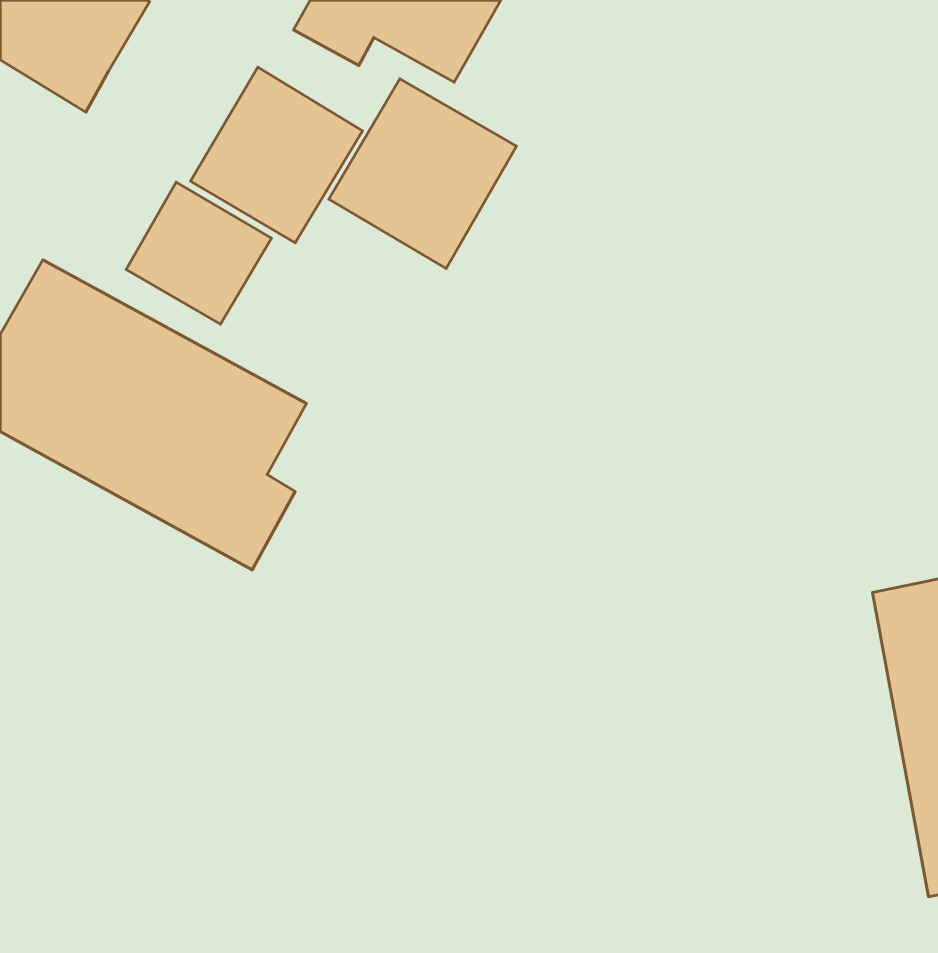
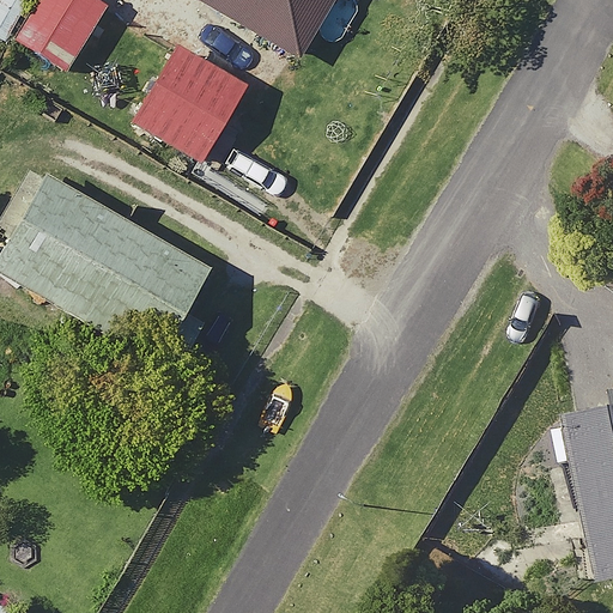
building: [329,79,516,268] -> none
building: [126,182,271,324] -> none

